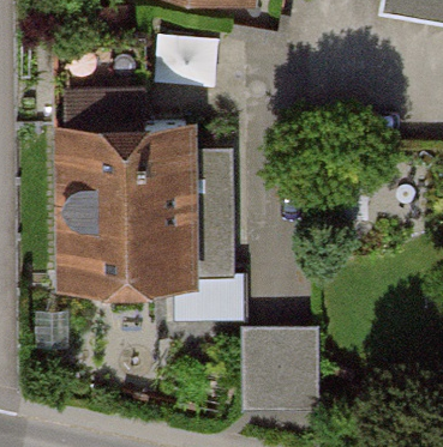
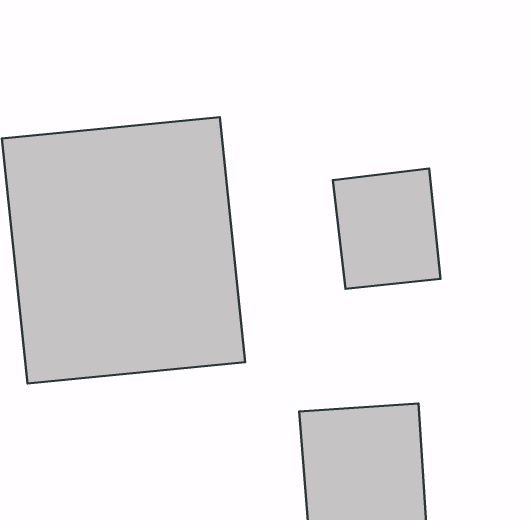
building: none -> [333,169,440,289]

